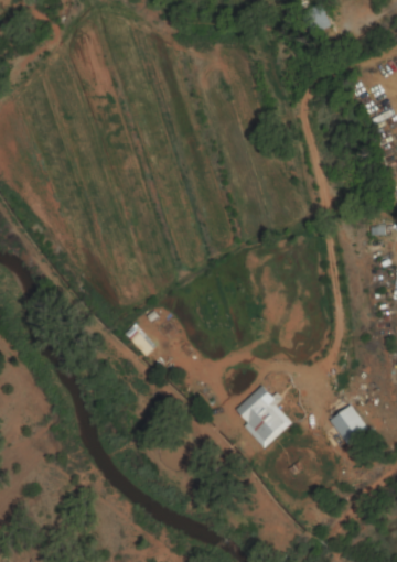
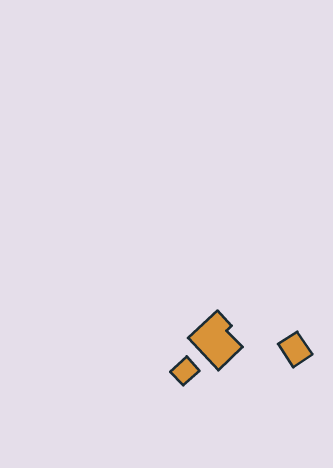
building: none -> [170,356,199,385]

